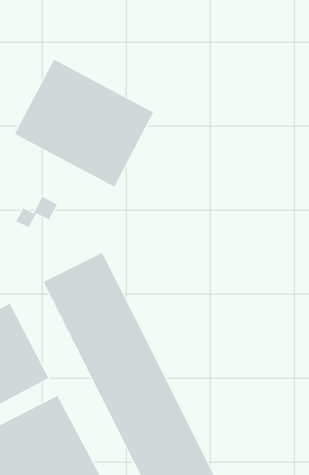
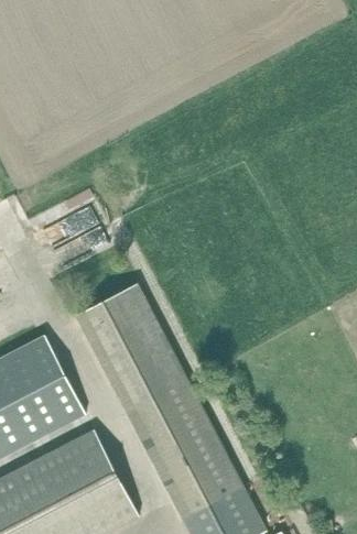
building: [14,59,154,188] -> none

